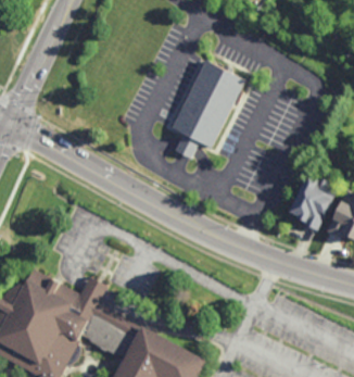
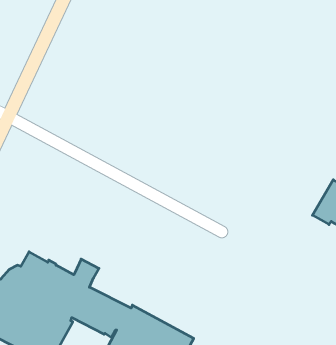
building: [168,61,245,161] -> none
building: [286,168,337,234] -> none

